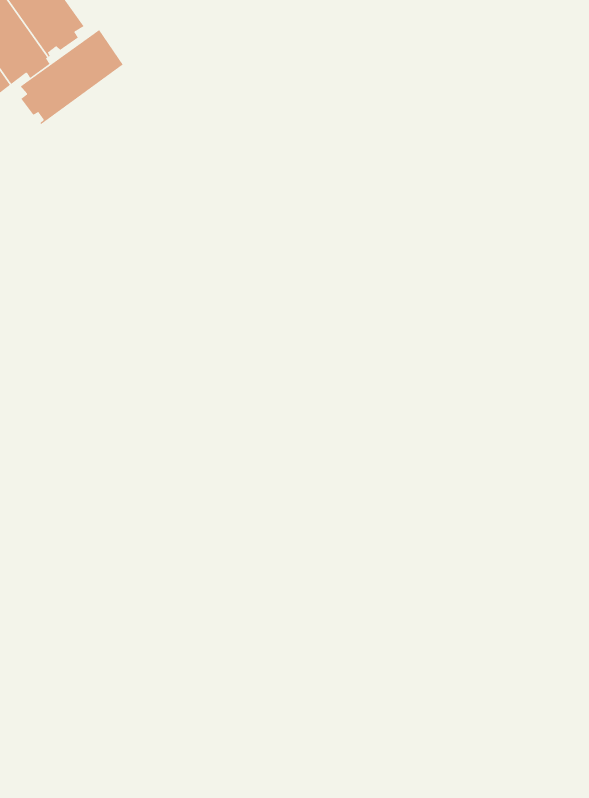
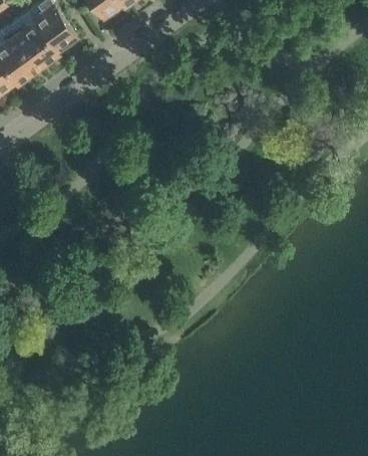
building: [20,29,123,125] -> none

